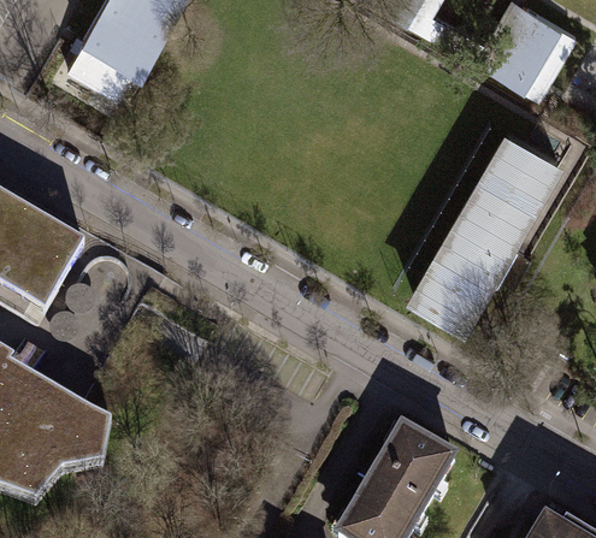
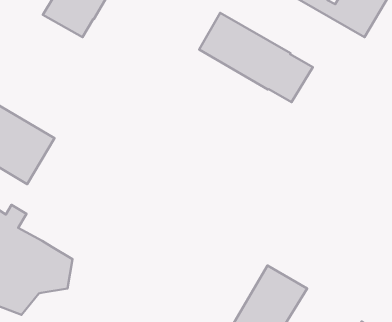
building: none -> [199,13,313,102]
building: [414,131,555,323] -> none

